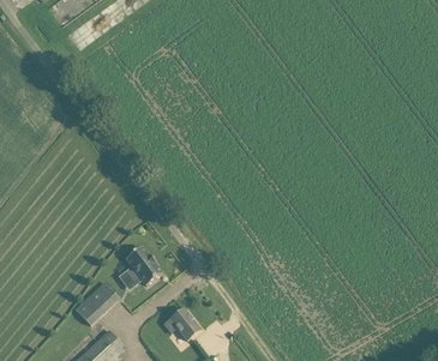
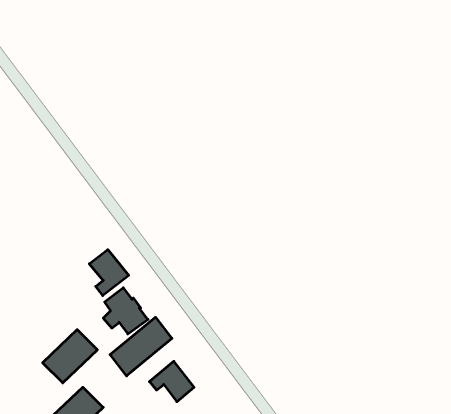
building: none -> [89,250,129,296]
building: none -> [110,317,172,376]

